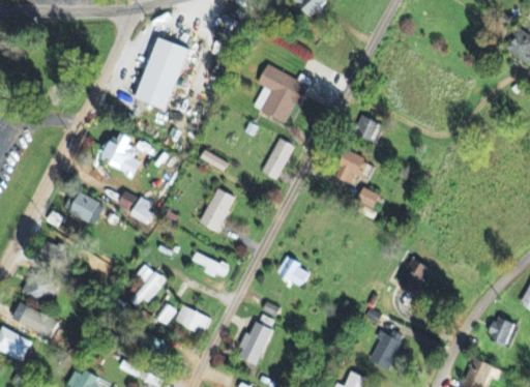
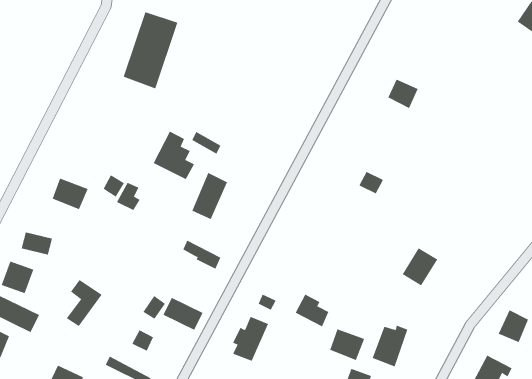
building: [253,65,308,122] -> none
building: [353,115,382,143] -> [387,79,418,109]
building: [100,130,140,176] -> [153,131,195,180]
building: [261,138,294,179] -> none
building: [335,150,366,182] -> none
building: [276,256,308,287] -> [295,294,329,327]
building: [130,264,165,308] -> [66,279,102,327]
building: none -> [329,329,365,361]

